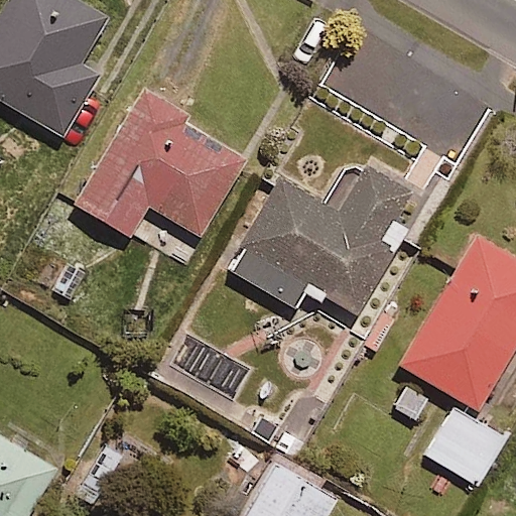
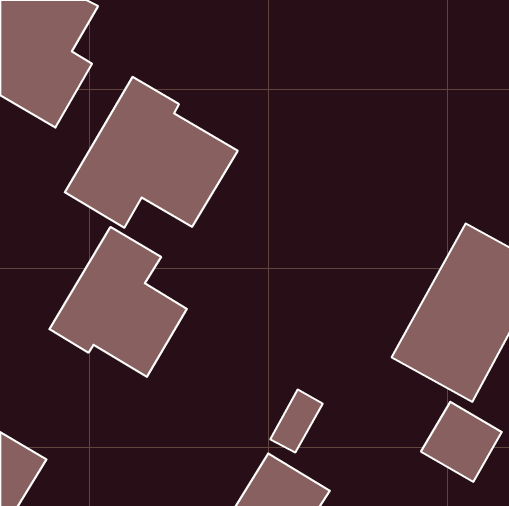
building: [228,162,408,315] -> none
building: none -> [49,227,187,377]

